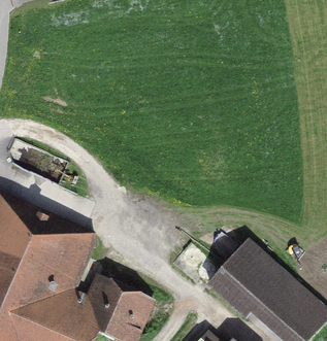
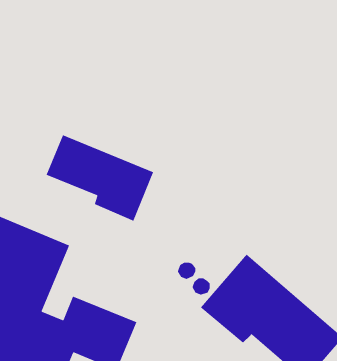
building: none -> [46,134,154,222]

